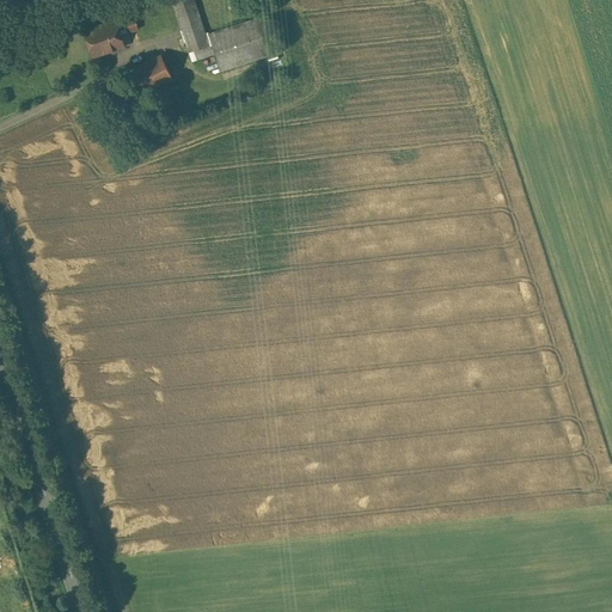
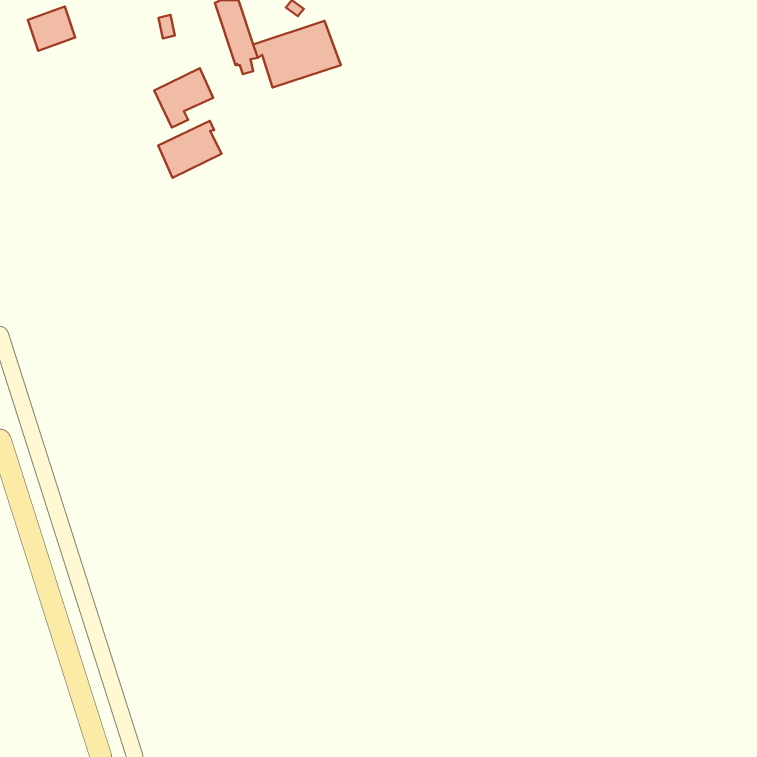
building: [85,20,123,56] -> [28,6,75,51]
building: none -> [158,121,222,178]

